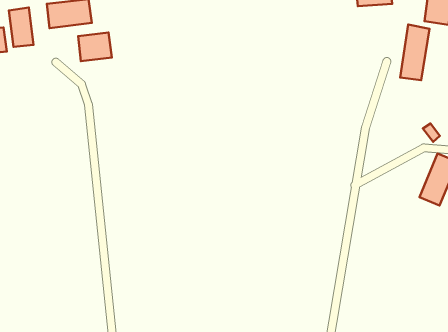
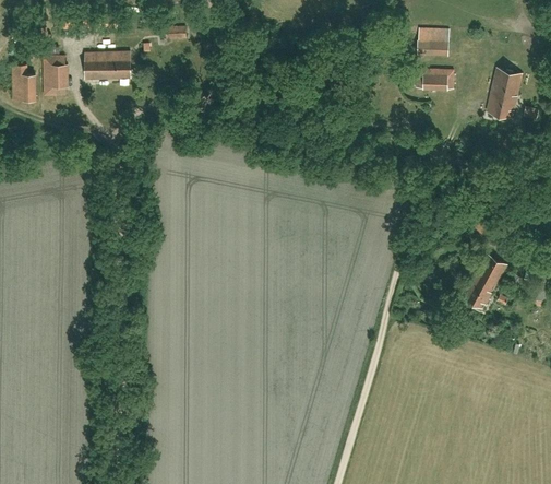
building: [400,25,430,80] -> none
building: [78,33,112,61] -> none

